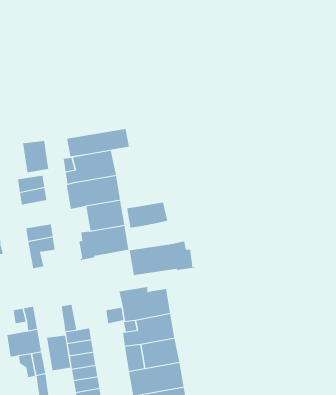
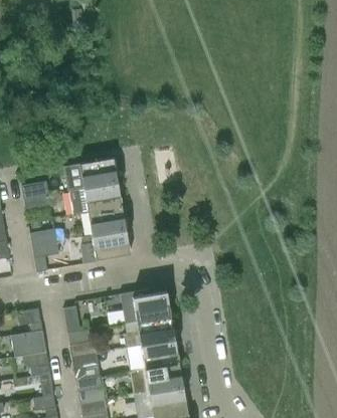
building: [67,128,129,157] -> none
building: [22,140,49,173] -> none
building: [127,202,168,228] -> none
building: [129,241,195,276] -> none
building: [46,335,71,371] -> none

